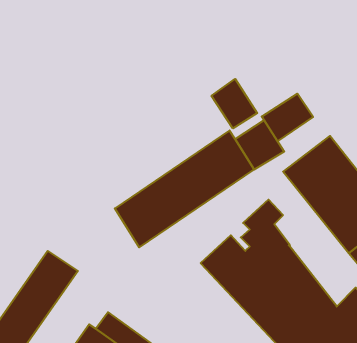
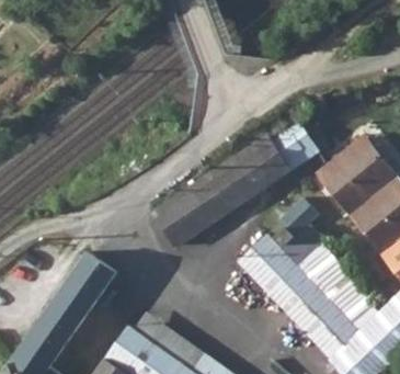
building: [212,79,257,128] -> none
building: [262,94,313,141] -> none

